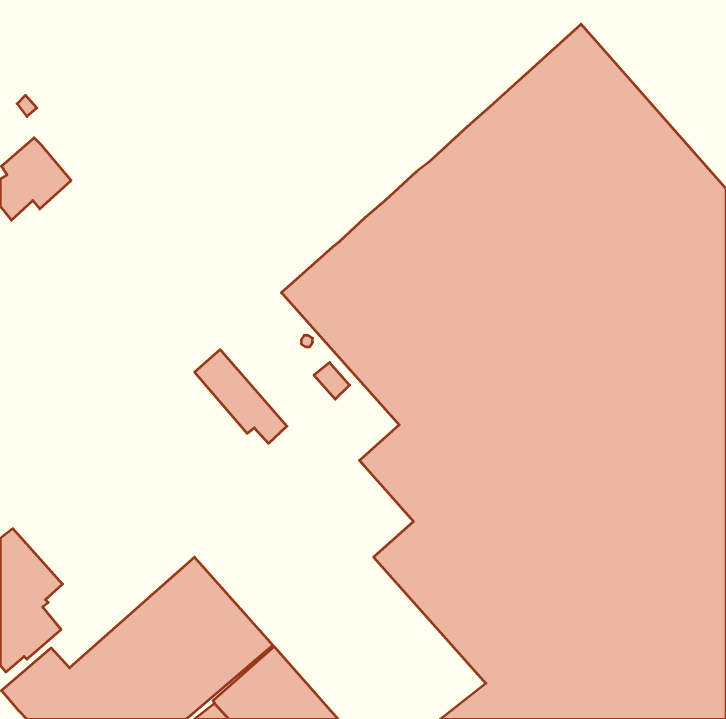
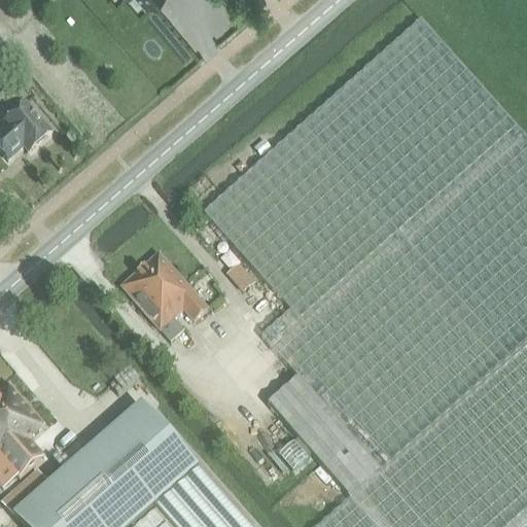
building: none -> [122,270,184,342]

